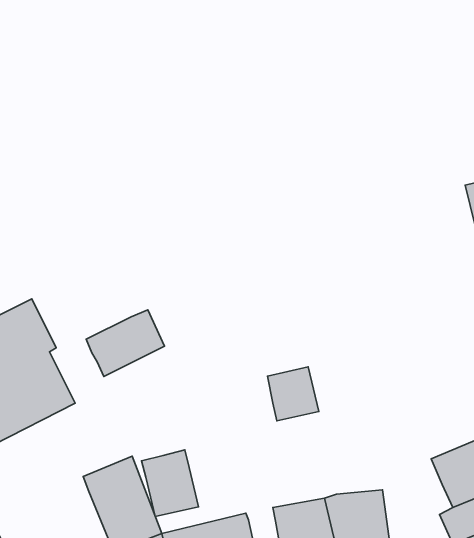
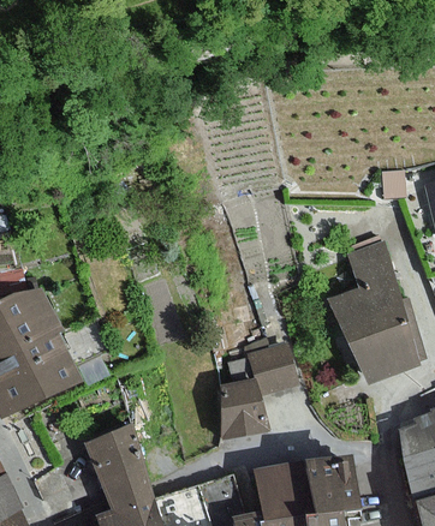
building: none -> [332,243,423,379]
building: [86,310,164,377] -> none
building: [142,450,199,516] -> [216,378,267,437]

